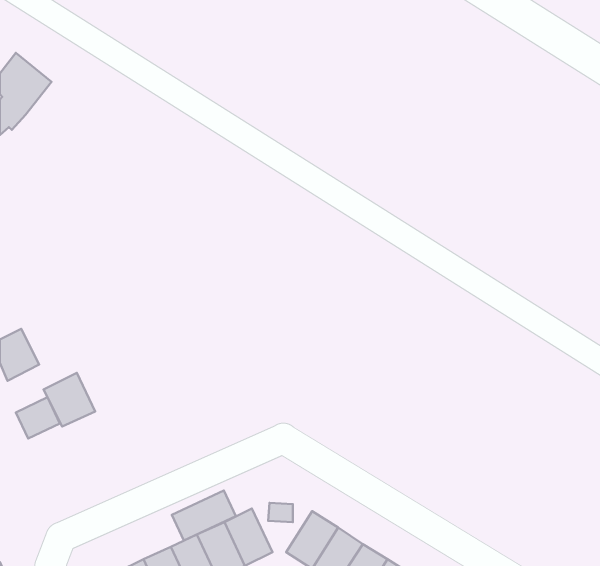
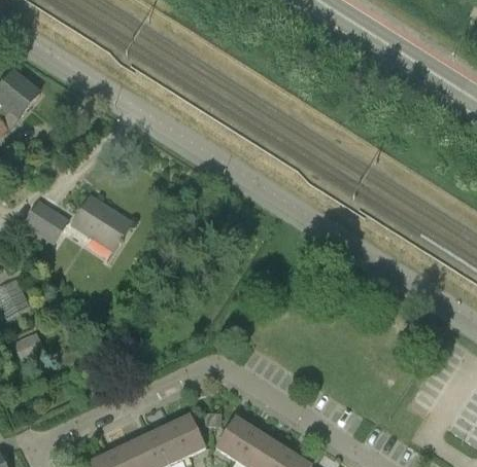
building: none -> [22,196,69,242]
building: none -> [72,196,131,251]
building: [43,373,95,427] -> none
building: [172,490,236,541] -> none

